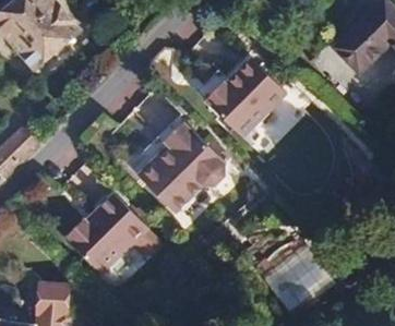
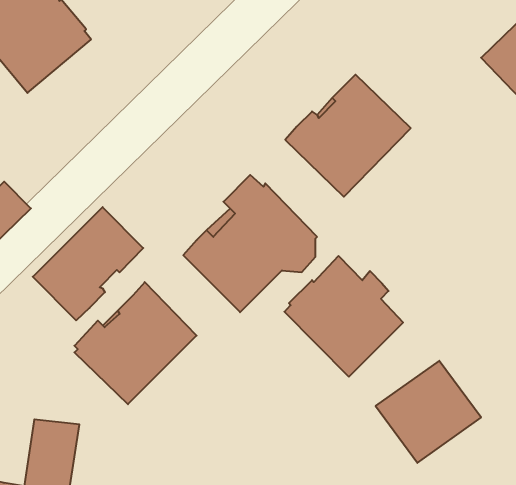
building: none -> [33,207,143,320]
building: none -> [284,256,403,377]

